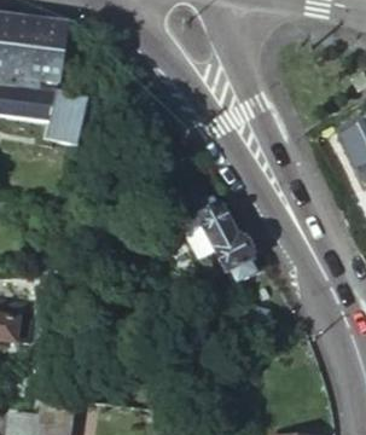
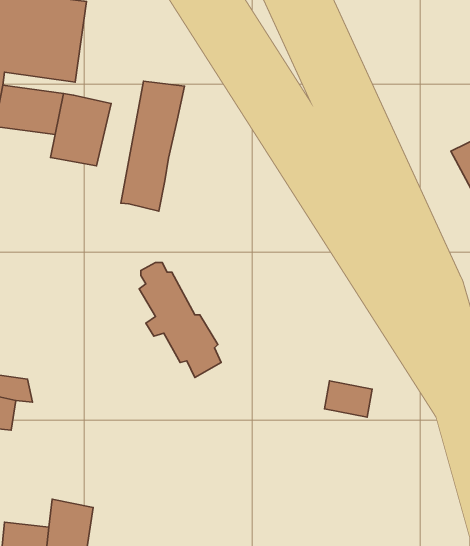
building: none -> [121,81,185,211]
building: [197,198,257,283] -> [139,262,221,377]

